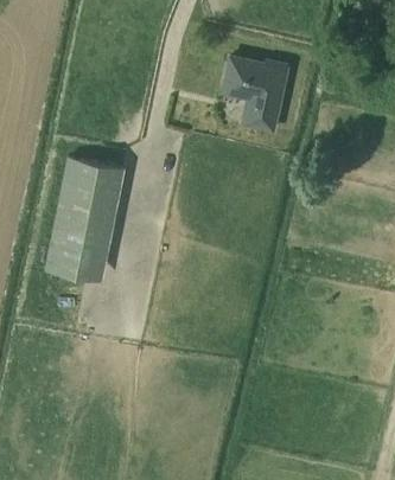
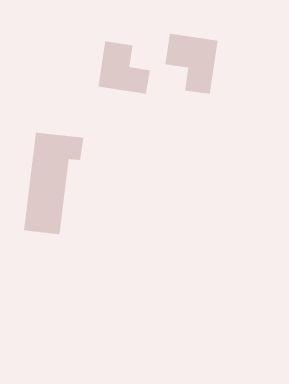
building: none -> [98,41,151,94]

